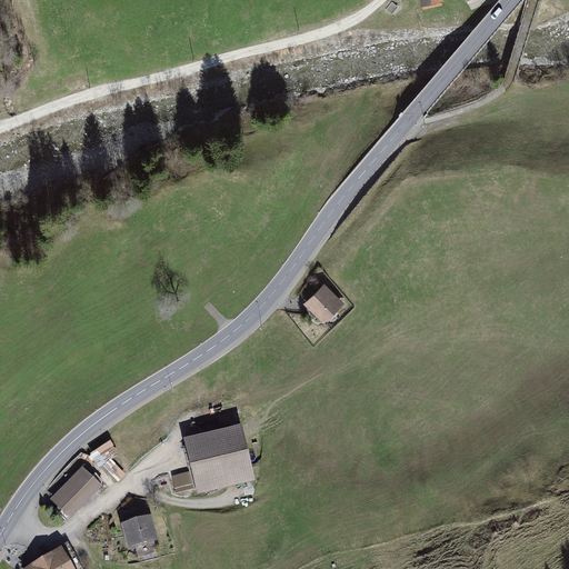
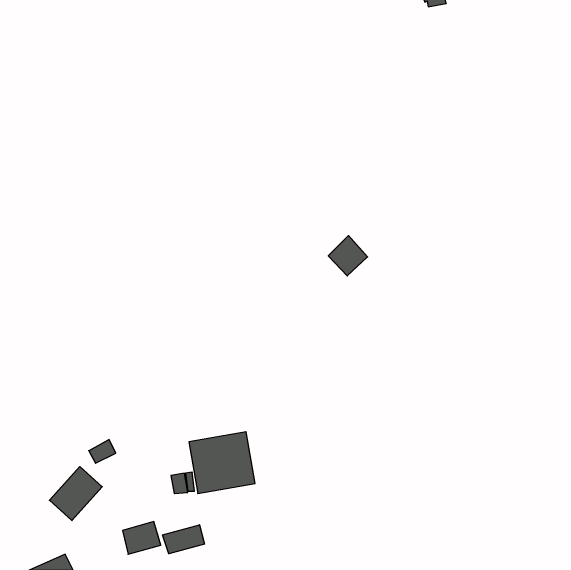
building: [305,284,343,325] -> [328,236,368,276]
building: none -> [163,525,205,554]

